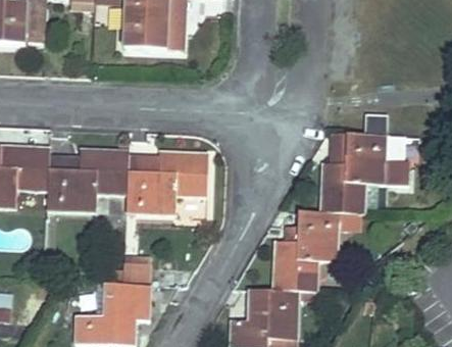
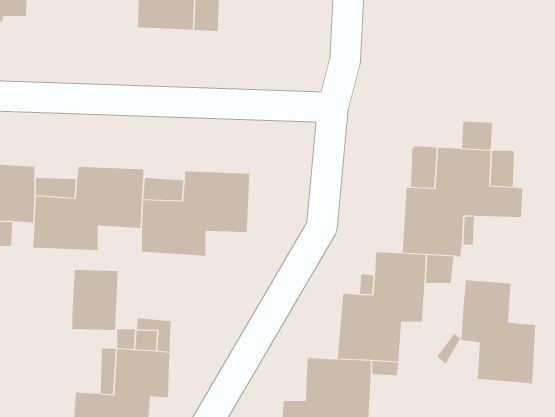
building: none -> [72,269,118,331]
building: none -> [461,279,536,384]

